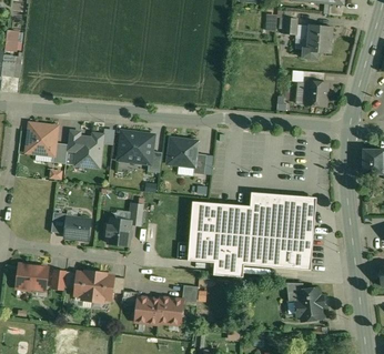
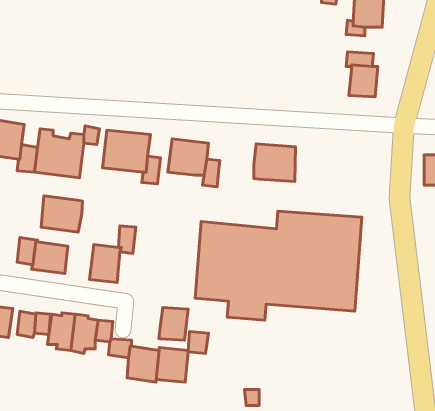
building: none -> [254,144,296,182]
building: none -> [41,196,82,232]
building: none -> [159,307,188,340]
building: [286,283,321,321] -> none

